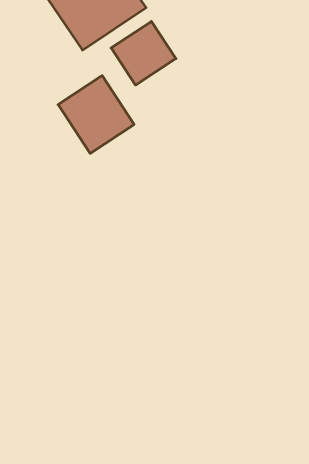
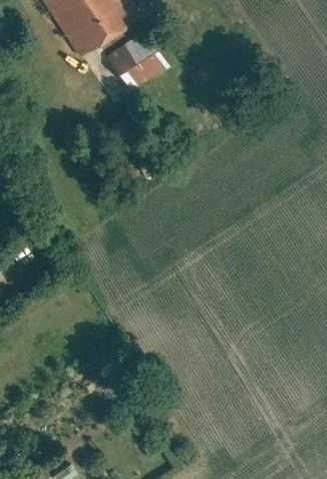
building: [58,76,134,153] -> none

